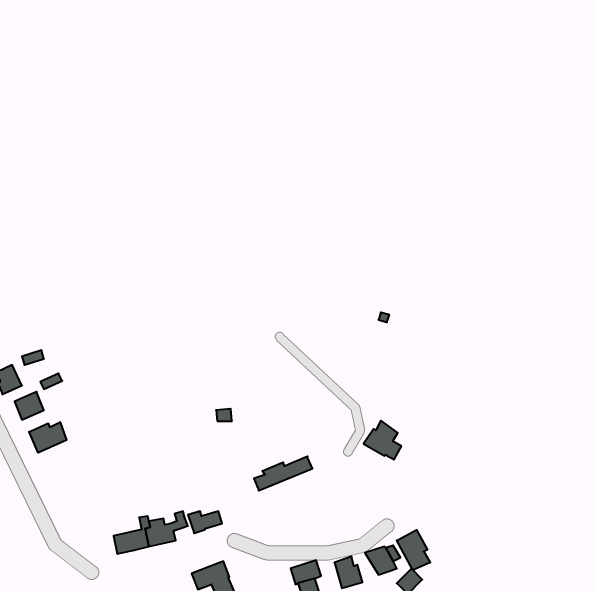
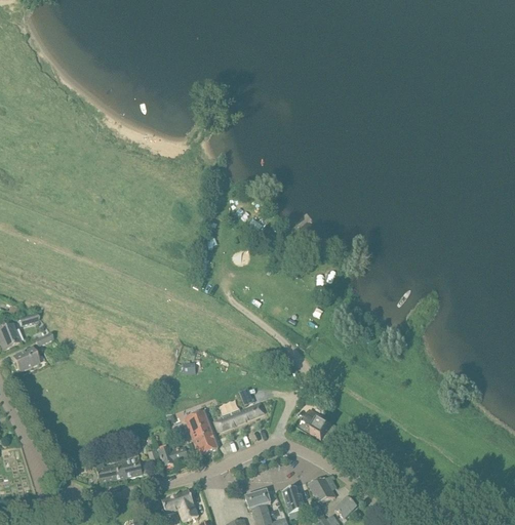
building: [364,421,401,460] -> [296,407,328,440]
building: [29,422,67,453] -> none
building: none -> [186,410,219,454]
building: [397,530,430,570] -> none

